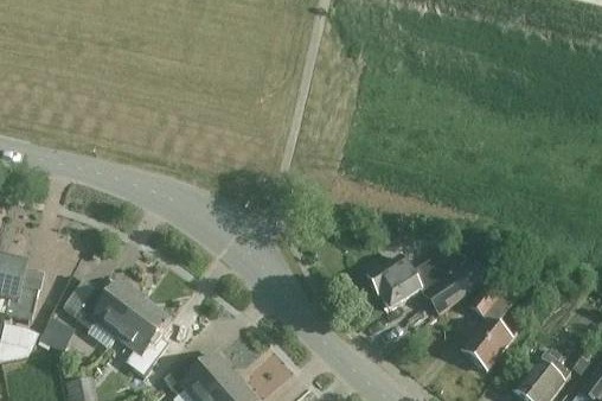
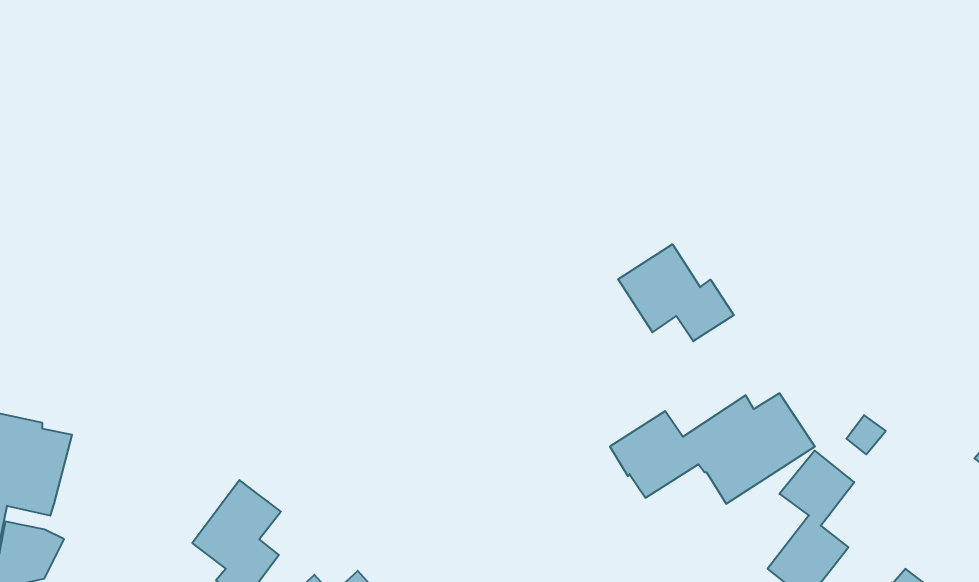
building: none -> [618,244,734,341]
building: [73,279,145,336] -> none
building: [38,316,73,351] -> none

